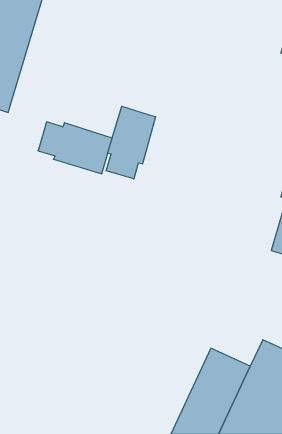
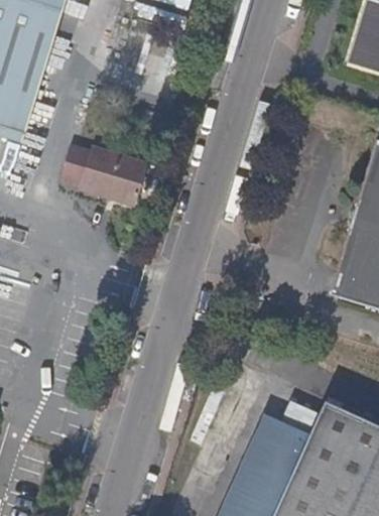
building: [106,106,156,179] -> none

